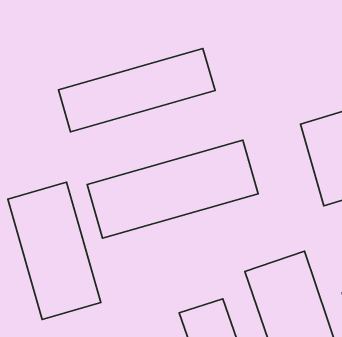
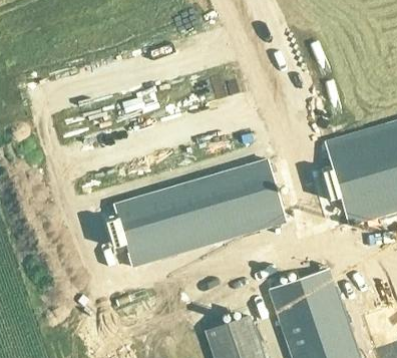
building: [58,48,215,132] -> none
building: [8,182,101,320] -> none

